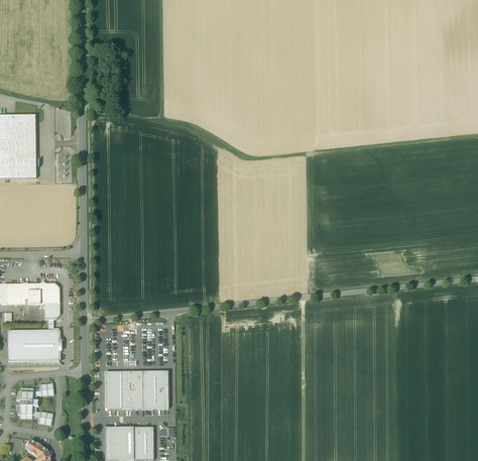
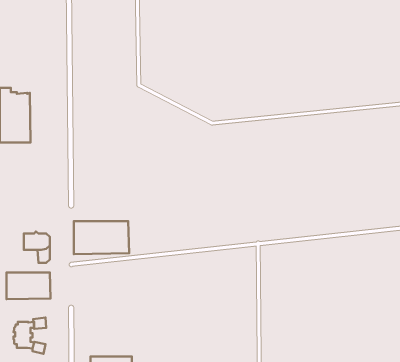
building: [7,284,28,304] -> none
building: [105,371,169,410] -> [74,221,129,254]

